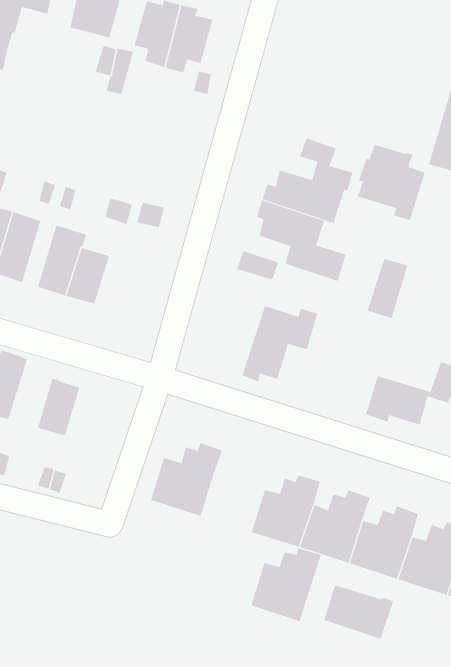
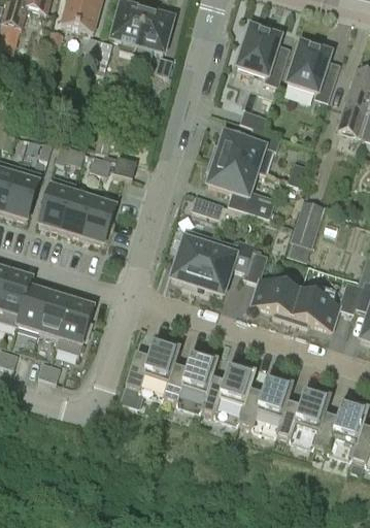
building: none -> [236,25,289,84]
building: [357,144,425,221] -> [285,41,338,100]
building: none -> [81,198,114,242]
building: none -> [170,228,211,290]
building: none -> [242,249,298,320]
building: none -> [15,277,48,330]
building: none -> [56,299,93,353]
building: [251,548,322,622] -> [163,354,217,410]
building: [324,585,394,639] -> none

